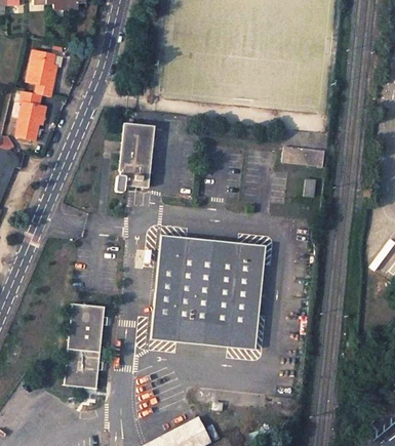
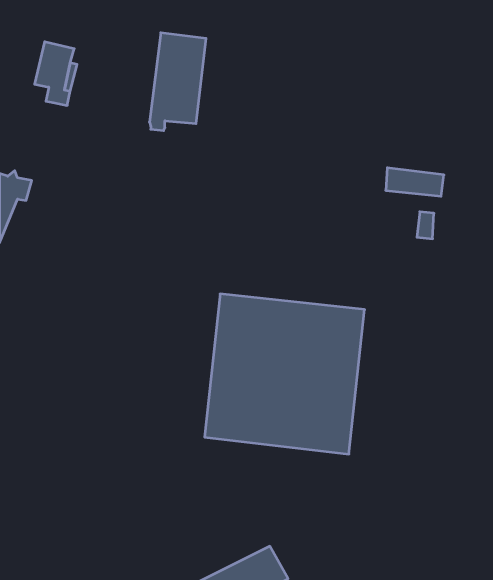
building: [14,92,41,143] -> none
building: [115,123,156,194] -> [149,33,206,131]
building: [70,305,111,390] -> none

